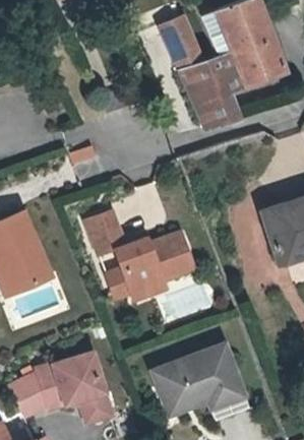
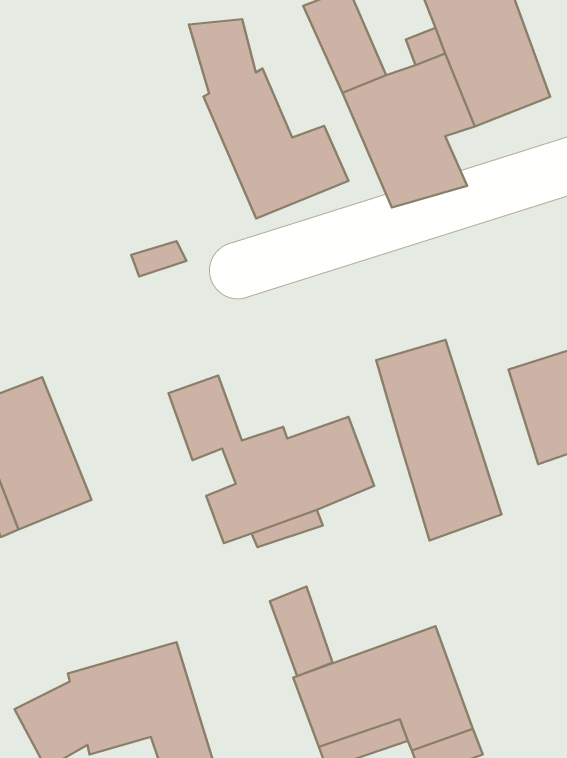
building: none -> [189,19,349,218]
building: none -> [376,340,501,541]
building: none -> [270,586,333,676]

